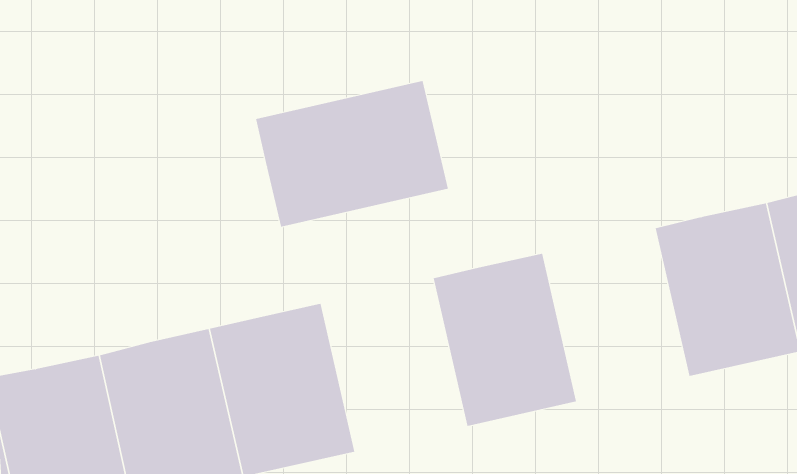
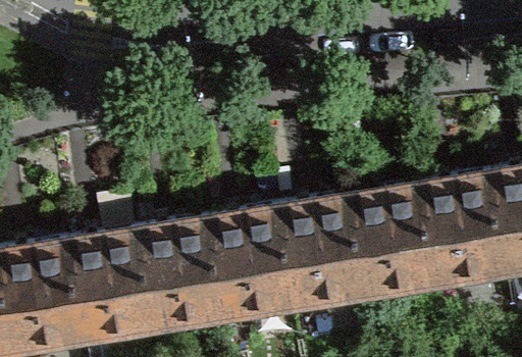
building: [256,80,448,228] -> none
building: none -> [351,188,437,294]
building: none -> [209,210,296,316]

